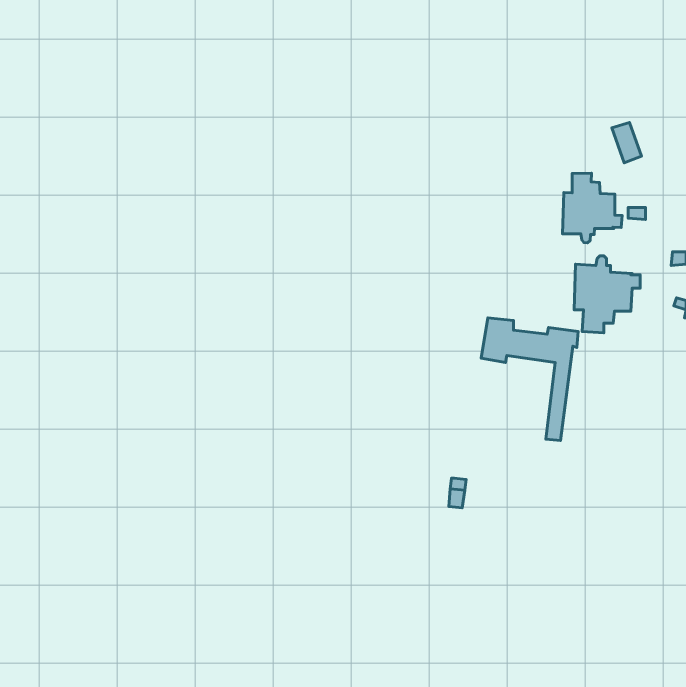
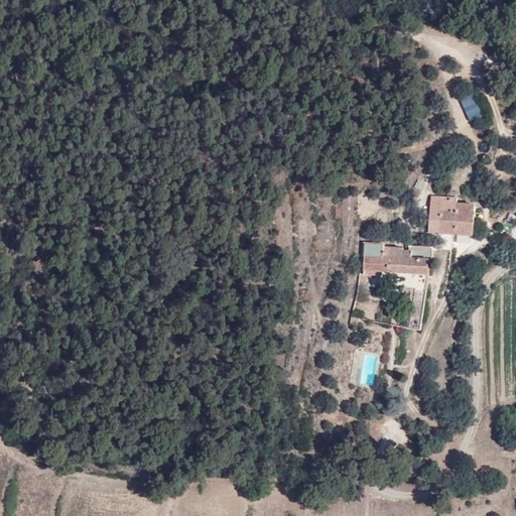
building: [563,173,622,243] -> none

